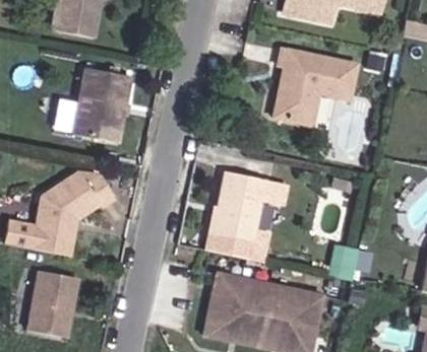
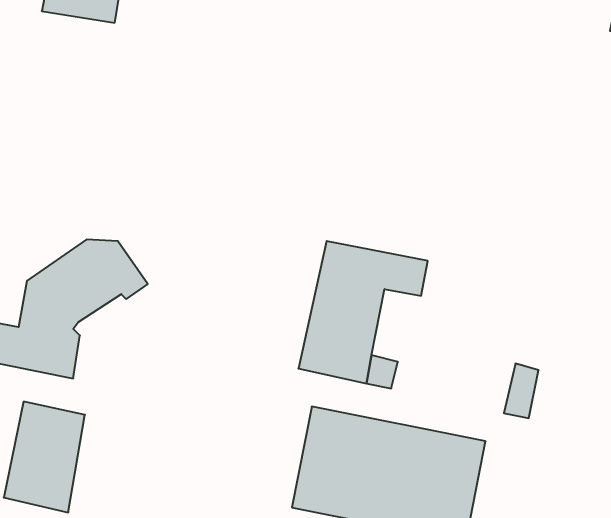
building: [273,49,357,125] -> none
building: [74,68,128,141] -> none

